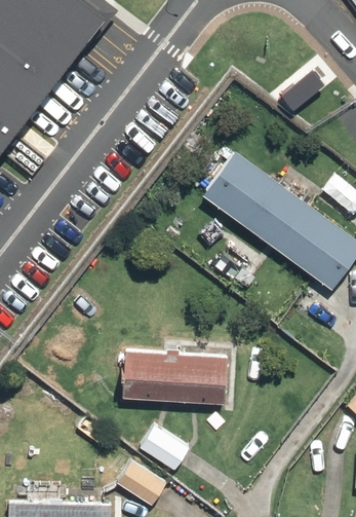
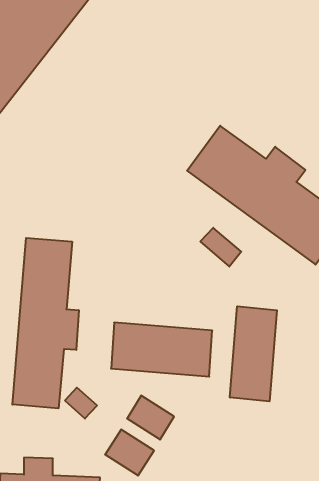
building: none -> [12,238,79,408]
building: none -> [230,306,277,401]

